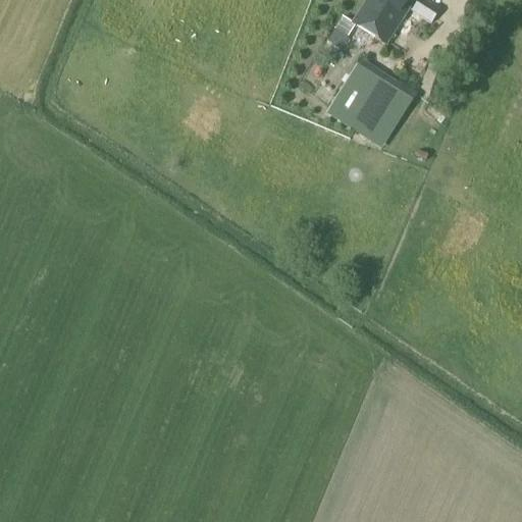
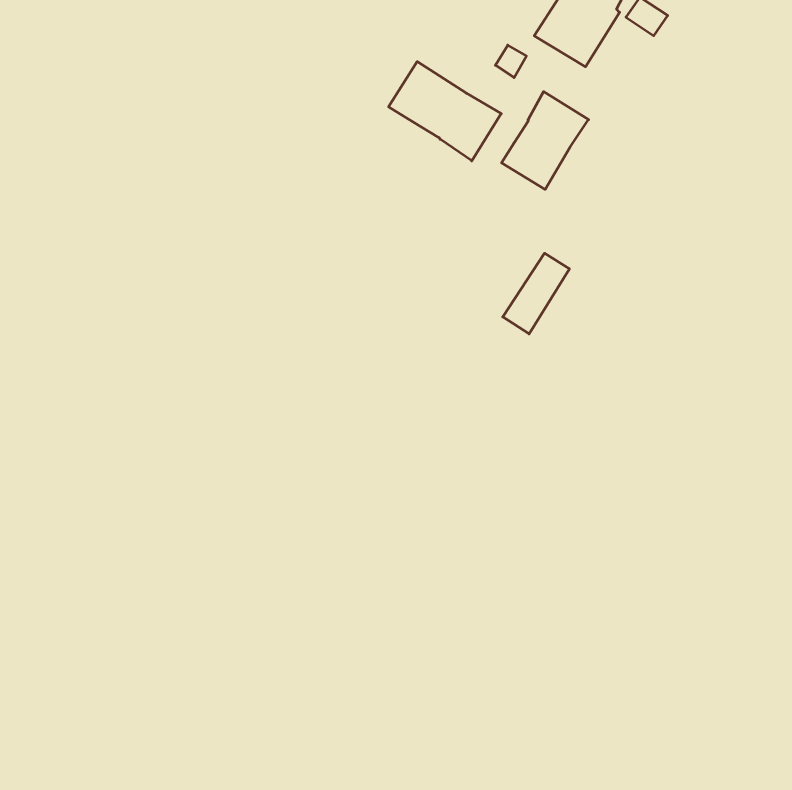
building: none -> [389,62,501,161]
building: [370,83,414,136] -> [503,253,569,334]

